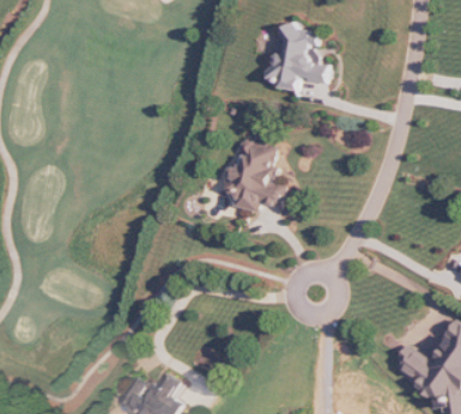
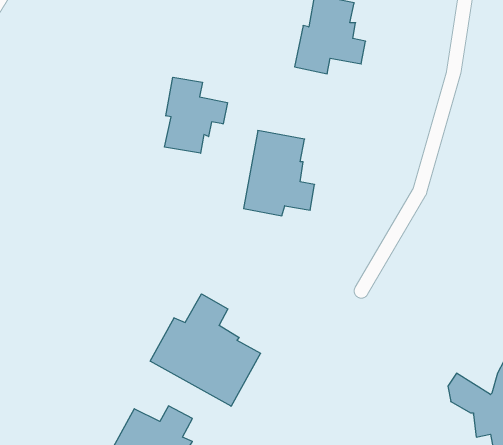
building: none -> [165,77,227,153]
building: none -> [150,294,261,406]

